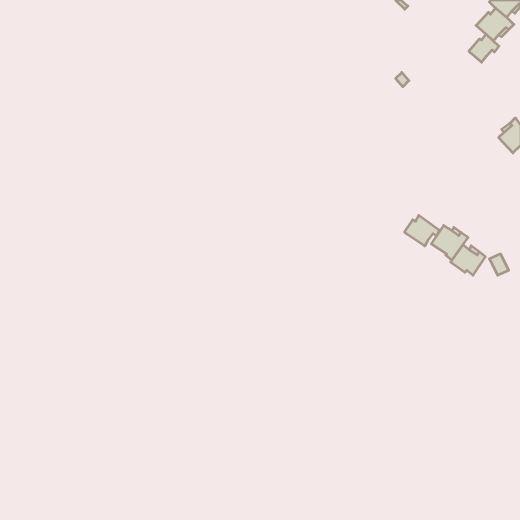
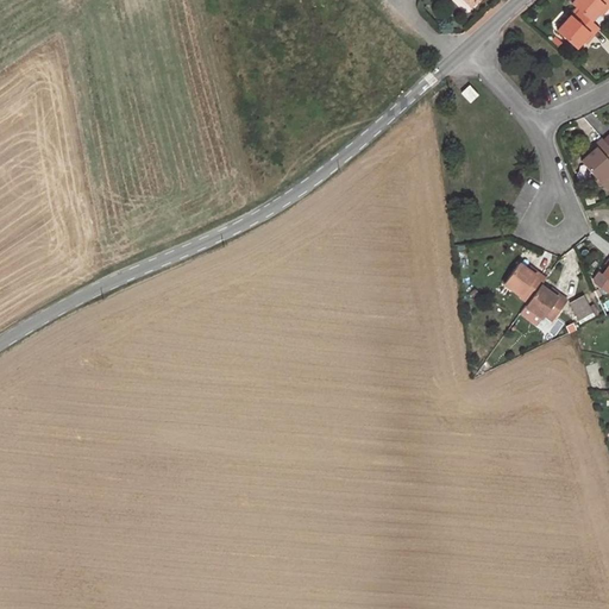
building: [469,34,499,62] -> none
building: [405,215,439,246] -> none

